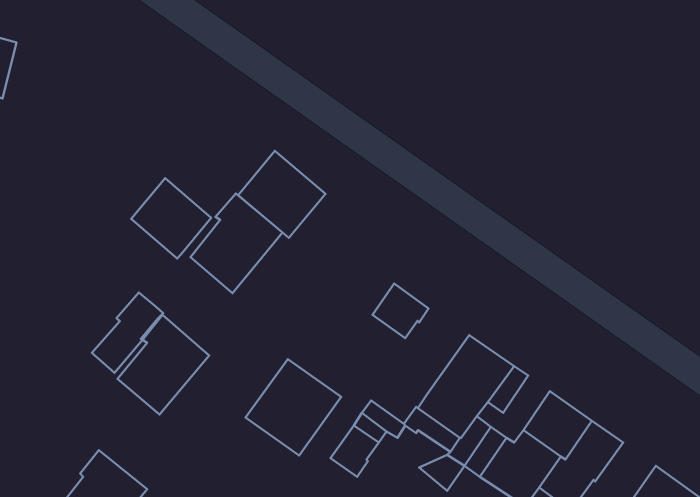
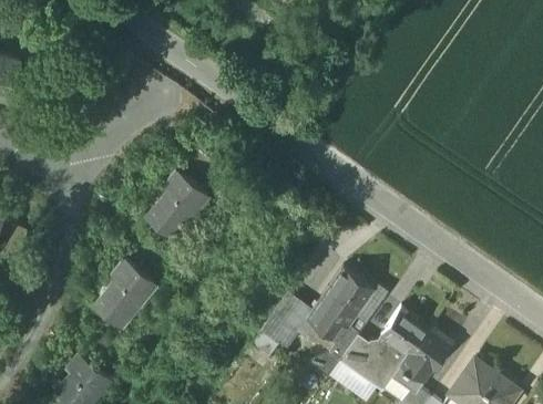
building: [238,151,326,238] -> none
building: [131,178,211,258] -> none
building: [372,284,428,338] -> [273,293,313,332]
building: [92,293,163,373] -> none
building: [246,359,341,455] -> none

